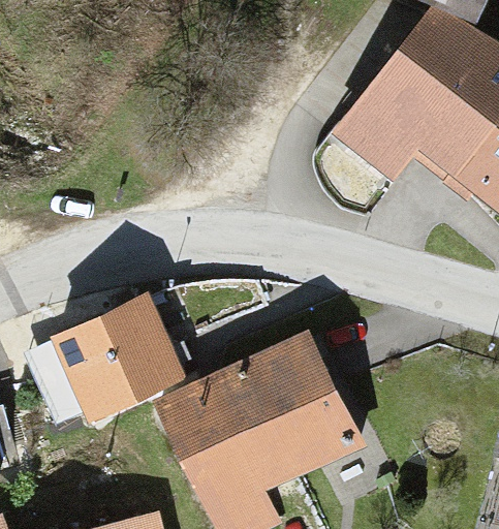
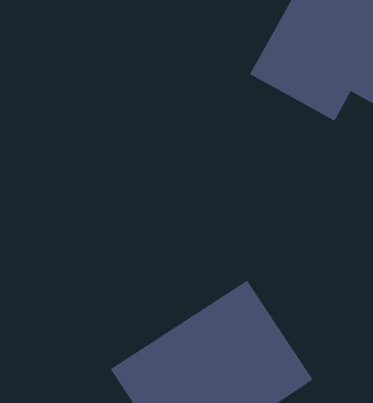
building: [53,292,190,407] -> none

